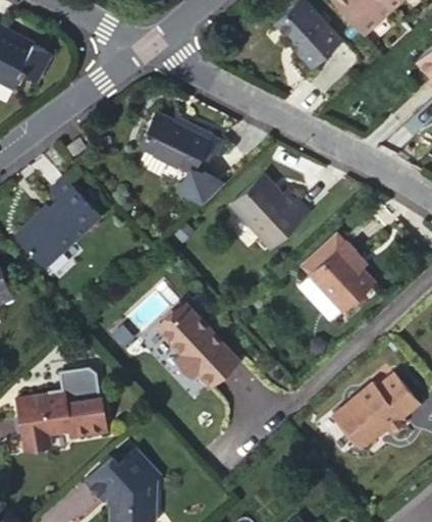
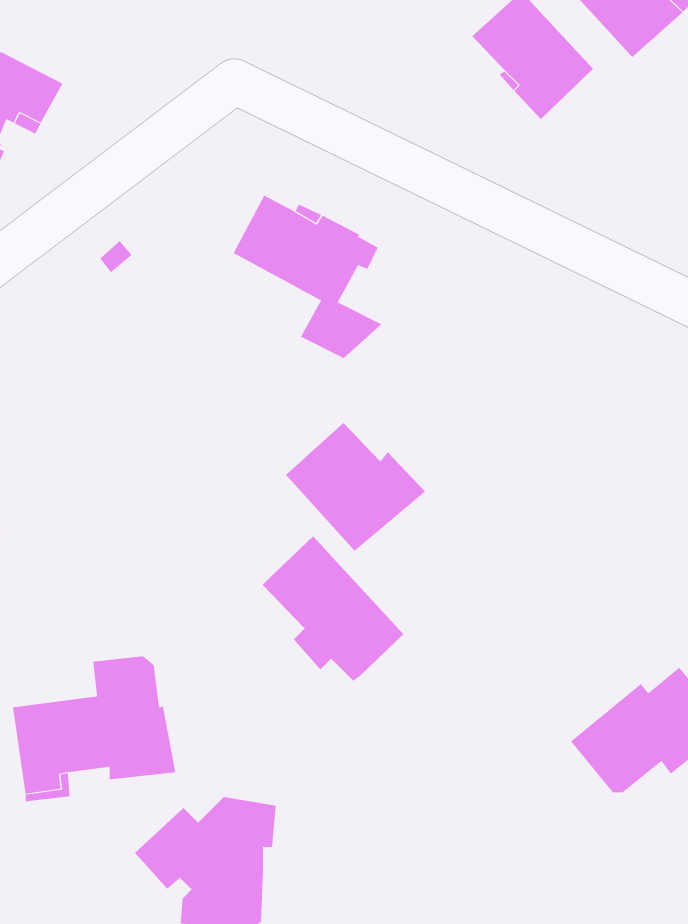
building: [230,173,309,246] -> [285,422,426,552]
building: [17,175,98,267] -> none
building: [298,233,373,320] -> none

